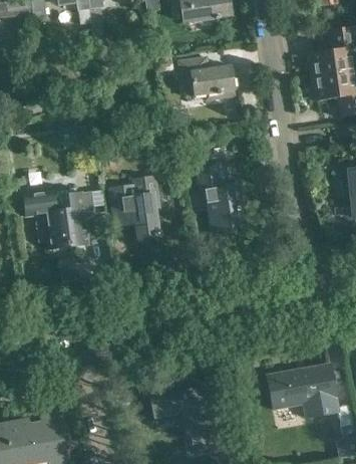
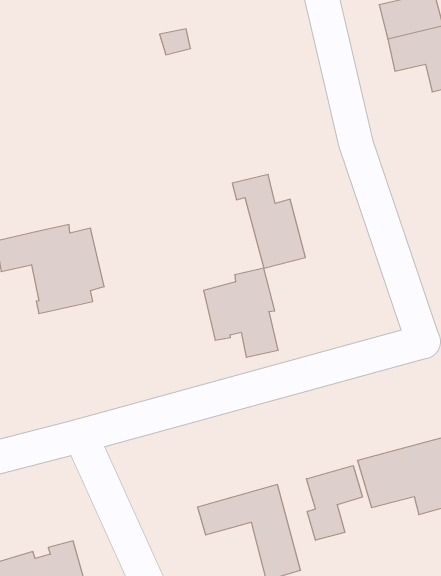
building: [180,57,237,102] -> none
building: [111,177,160,239] -> [204,268,278,357]
building: none -> [306,466,363,540]

